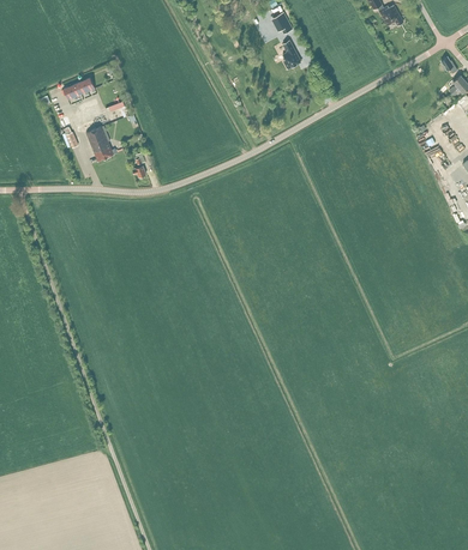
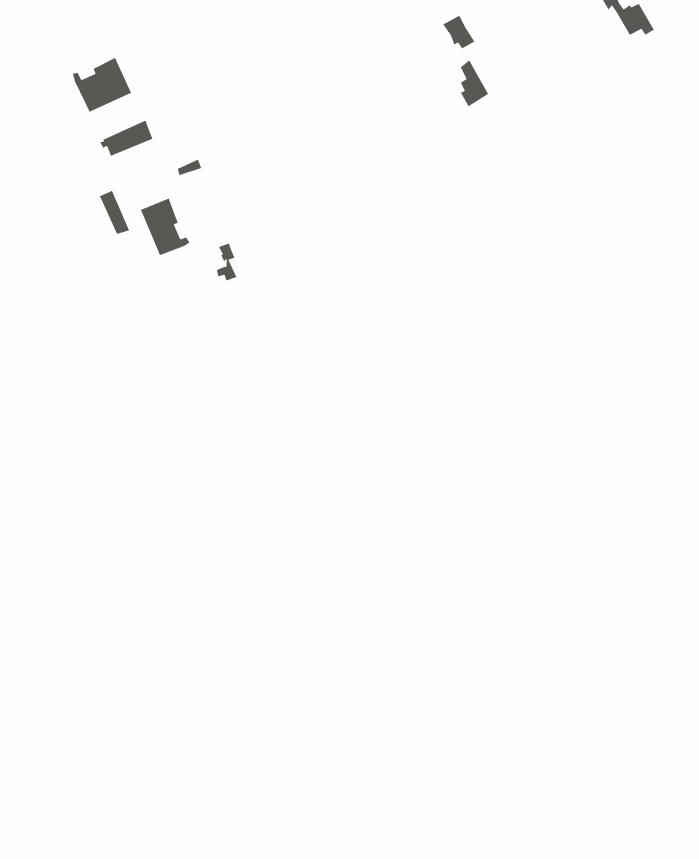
building: none -> [72,57,132,113]

